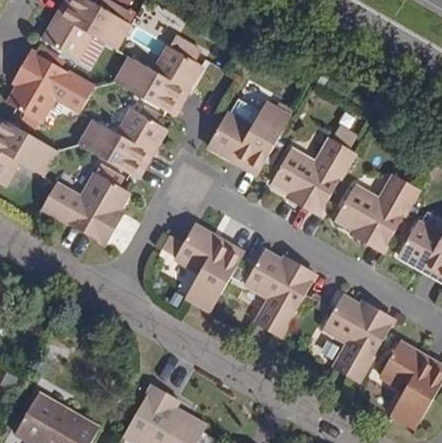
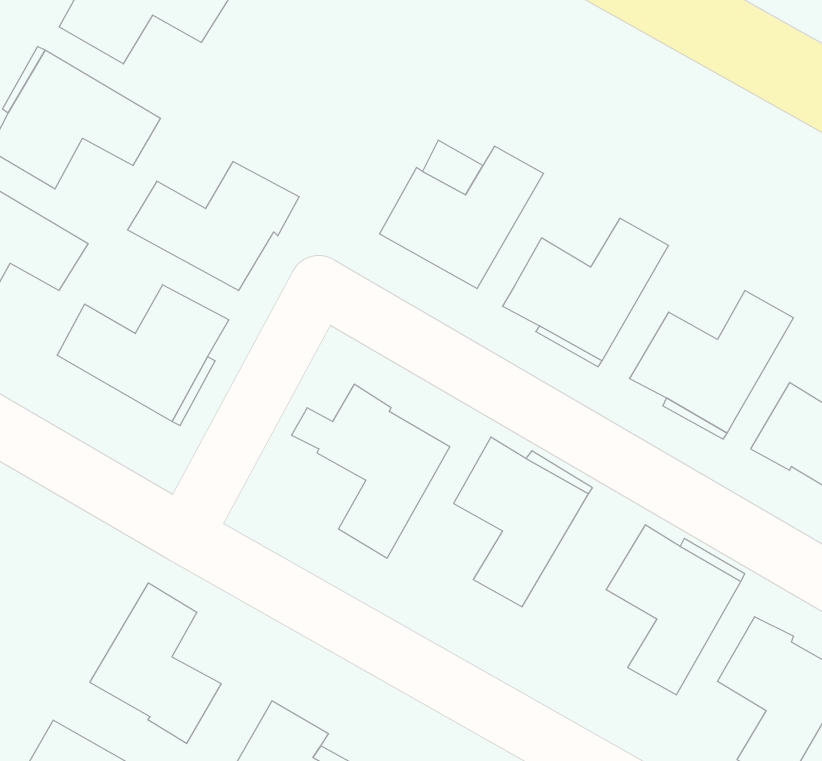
building: [115,44,202,112] -> none
building: none -> [90,583,221,744]

